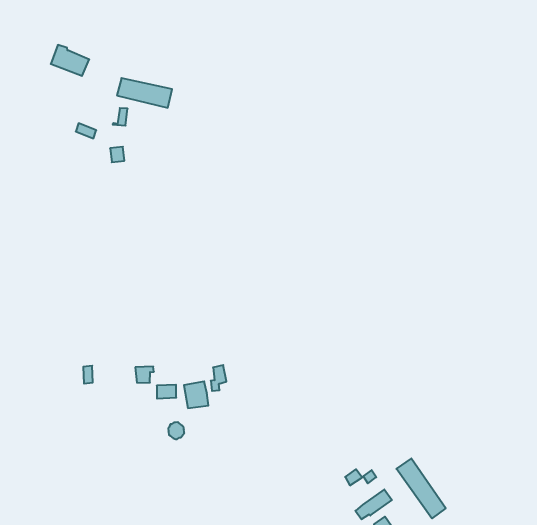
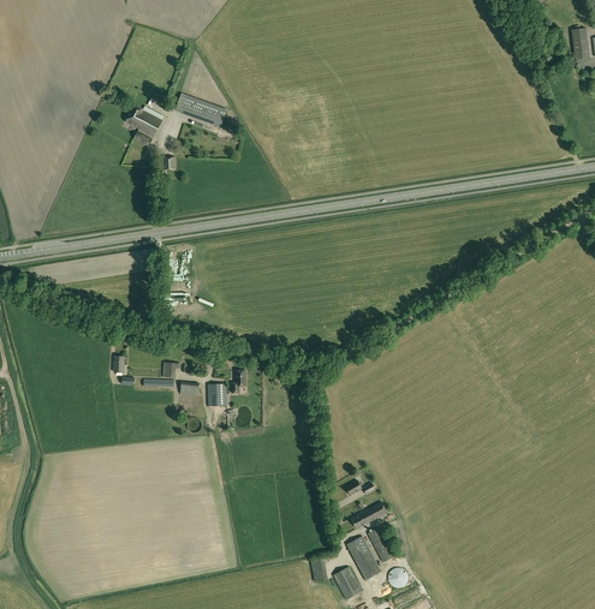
building: [51,45,89,76] -> [126,105,162,136]
building: [396,458,446,518] -> none

